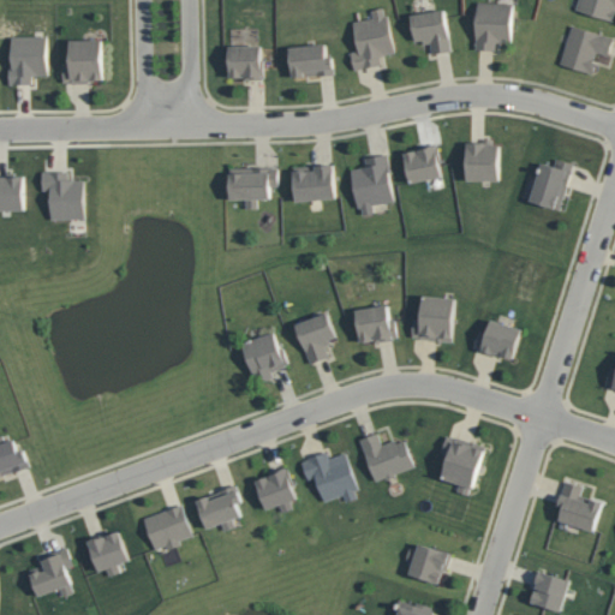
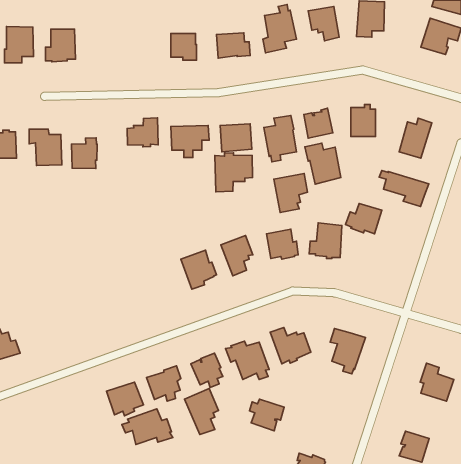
building: none -> [127,118,158,147]
building: none -> [71,138,97,168]
building: none -> [305,143,341,184]
building: none -> [215,153,253,192]
building: none -> [379,170,429,206]
building: none -> [274,174,307,212]
building: [471,320,519,359] -> [345,204,382,234]
building: none -> [185,389,219,434]
building: [85,531,126,575] -> none
building: none -> [122,409,173,445]
building: [402,543,448,585] -> [249,399,284,431]
building: [26,547,71,597] -> none

